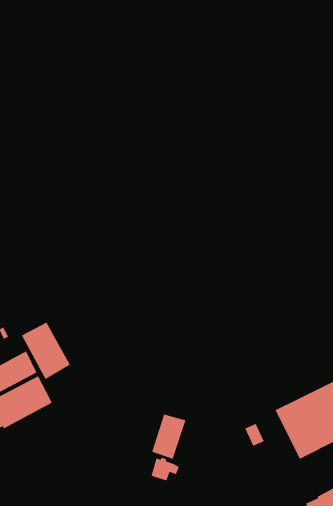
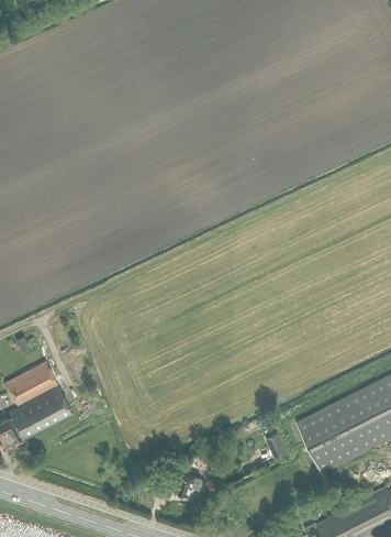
building: [21,321,71,380] -> none
building: [151,414,186,460] -> none

